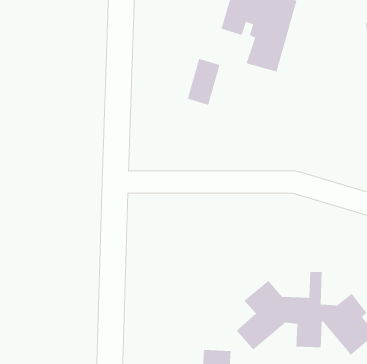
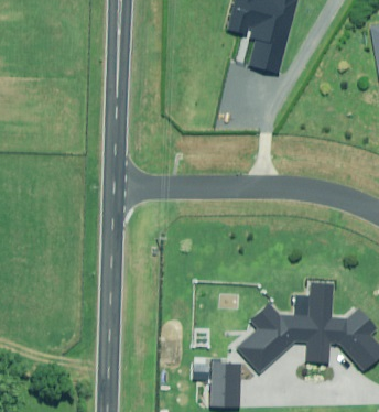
building: [187,58,221,106] -> none

